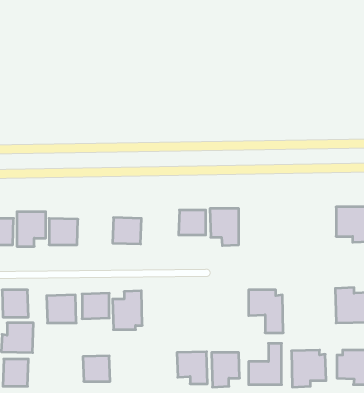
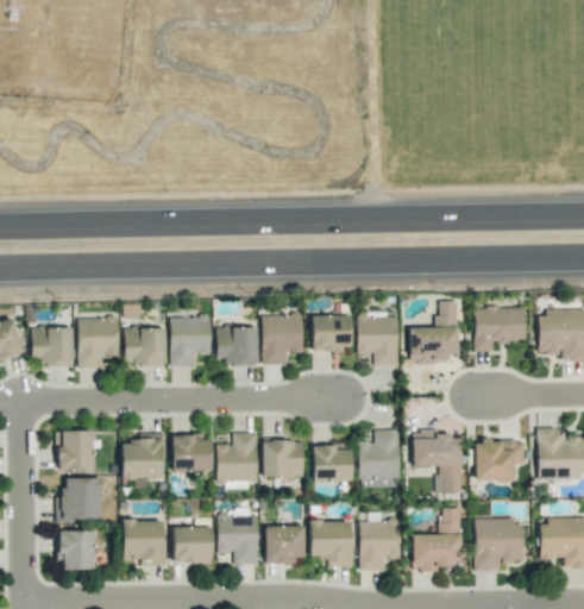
building: none -> [409,301,458,364]
building: none -> [475,307,526,352]
building: none -> [262,314,304,364]
building: none -> [170,316,211,366]
building: none -> [358,429,400,488]
building: none -> [263,440,304,477]
building: none -> [475,440,525,482]
building: none -> [313,445,352,482]
building: none -> [218,514,259,565]
building: none -> [123,520,165,565]
building: none -> [265,525,306,563]

